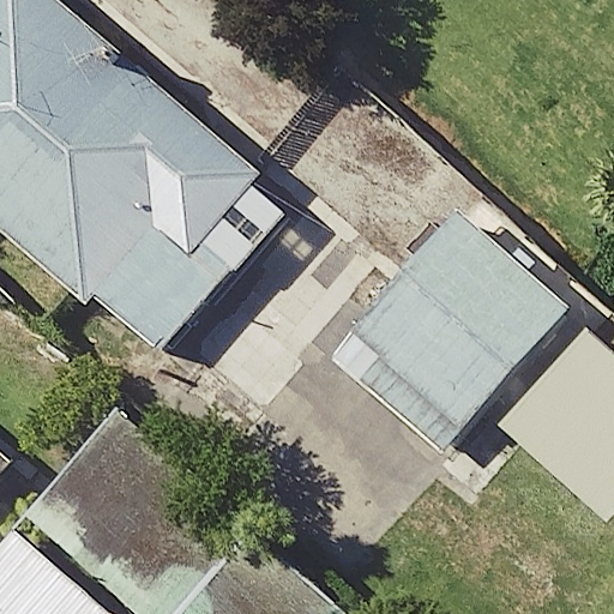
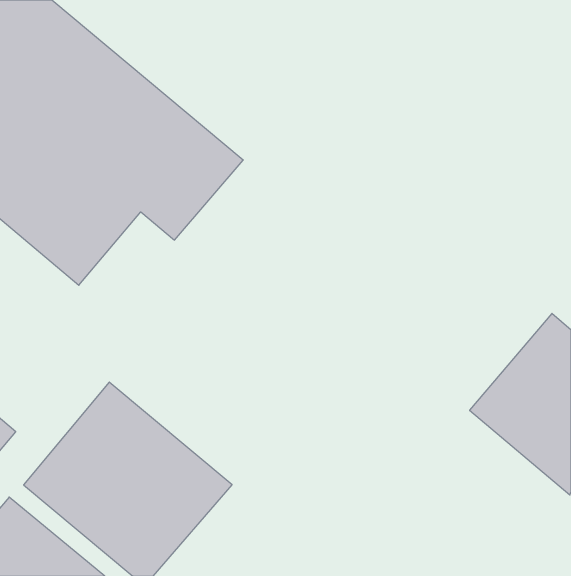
building: [348,210,570,434] -> none

